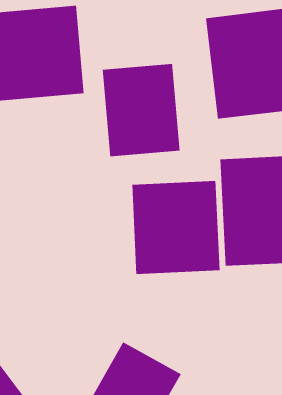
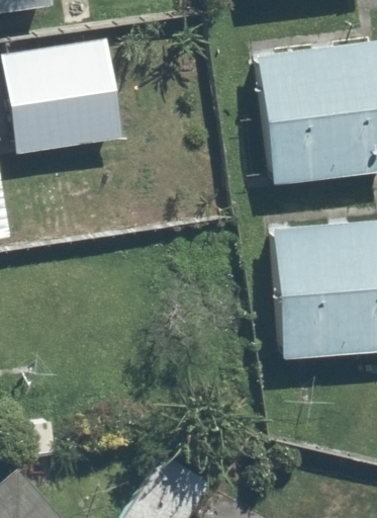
building: [102,63,180,157] -> none
building: [132,180,220,275] -> none

